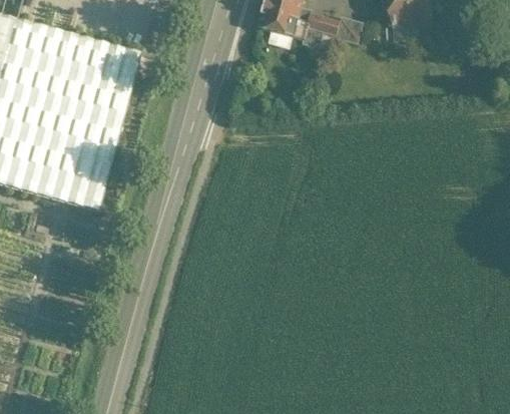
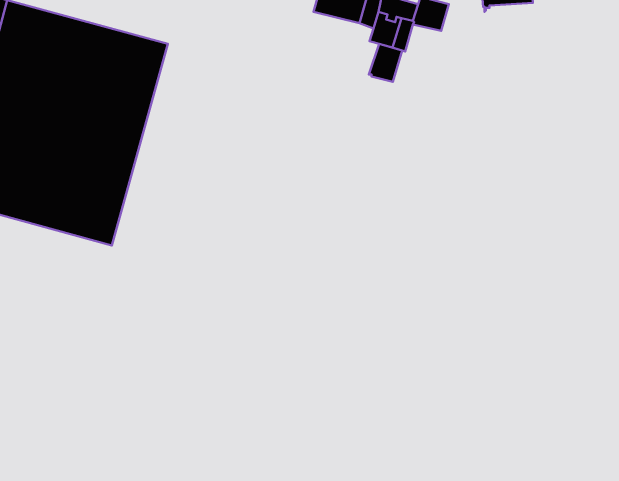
building: none -> [369,44,402,82]

